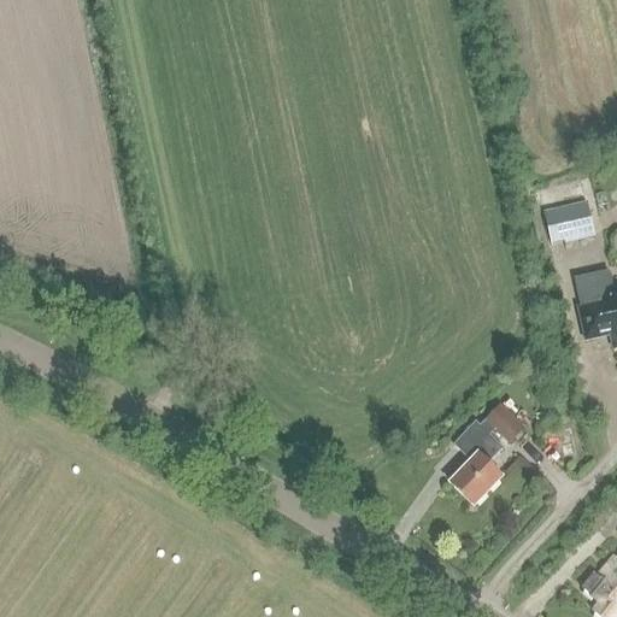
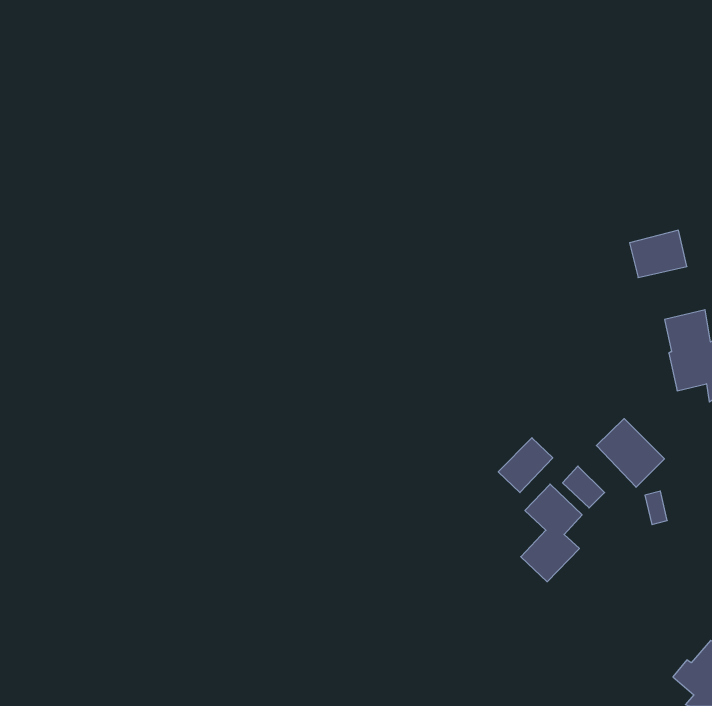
building: none -> [596,419,664,487]
building: none -> [498,438,553,493]

